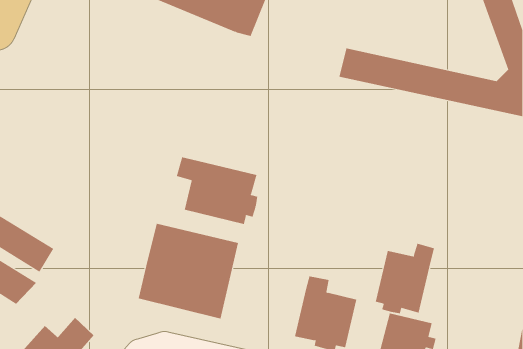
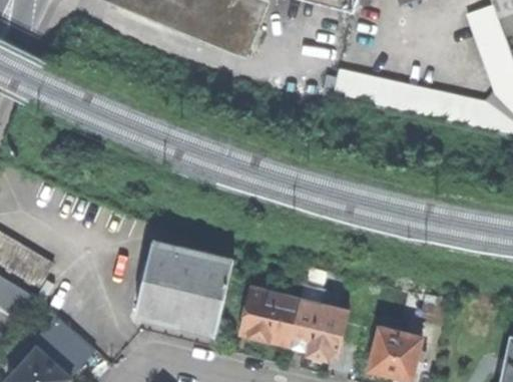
building: [176,156,258,225] -> none
building: [375,243,434,314] -> none
building: none -> [238,290,299,349]

